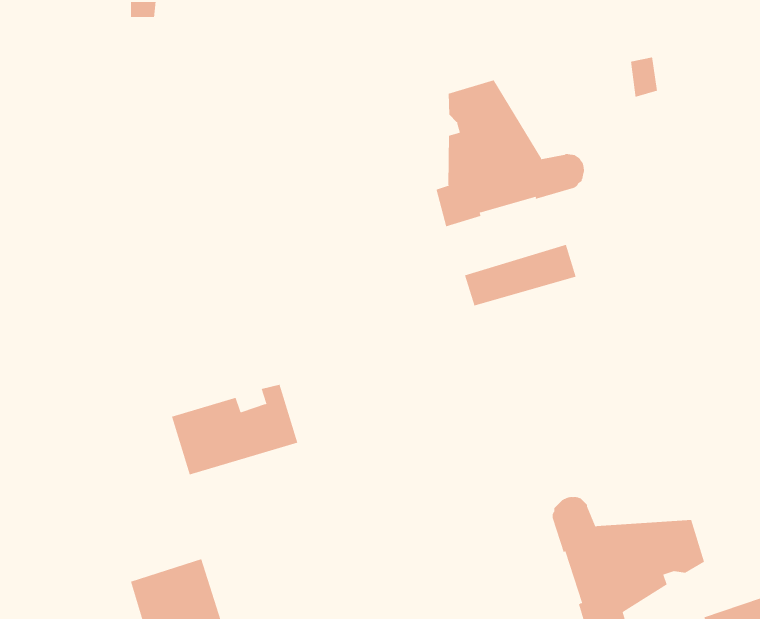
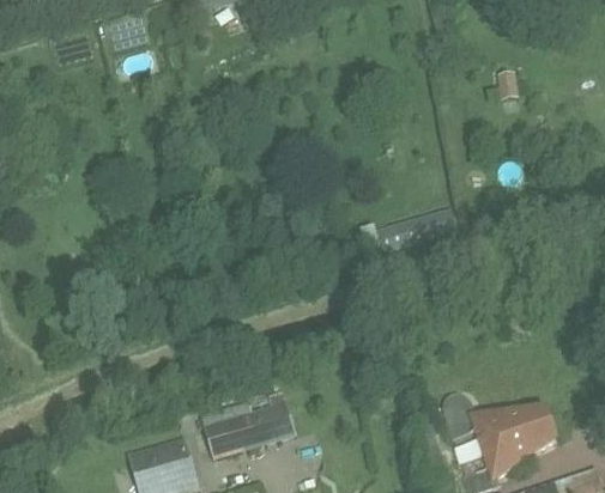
building: [436,80,585,227] -> none
building: [171,384,298,475] -> [199,390,292,457]

